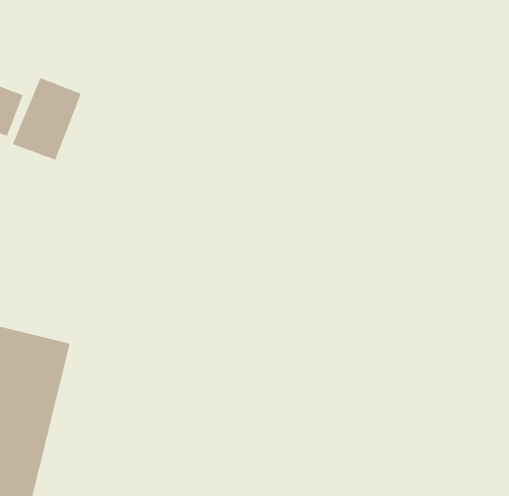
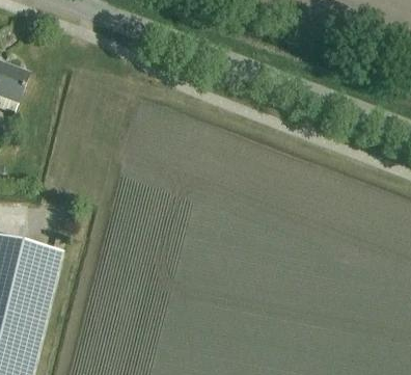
building: [12,77,81,161] -> none

